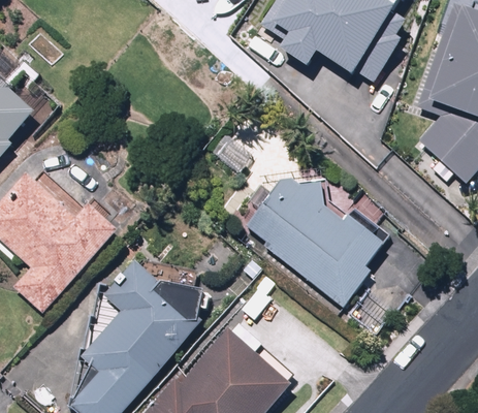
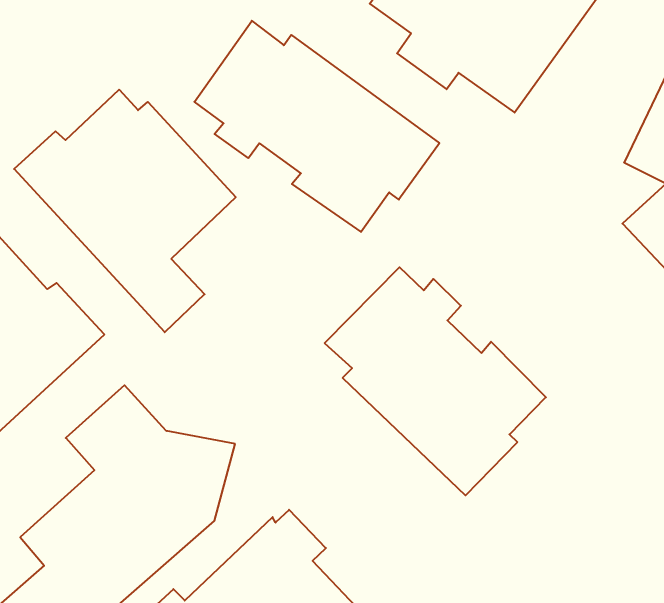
building: none -> [194,21,439,232]
building: none -> [14,90,236,332]

